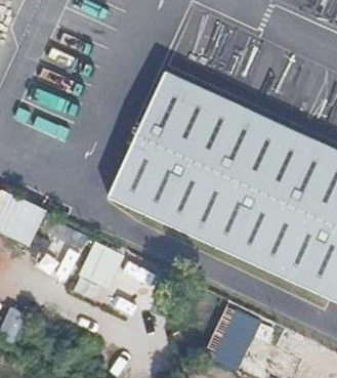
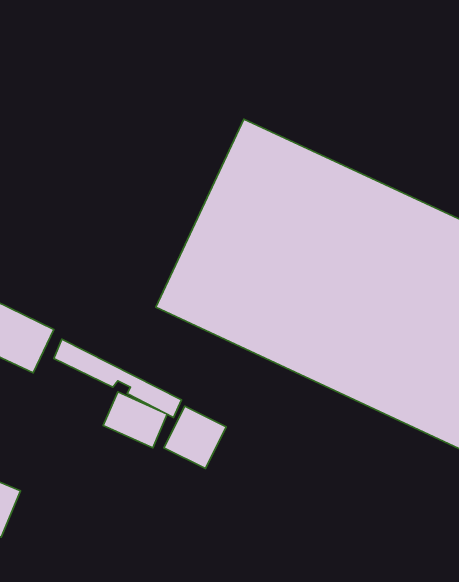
building: [210,303,245,346] -> none

